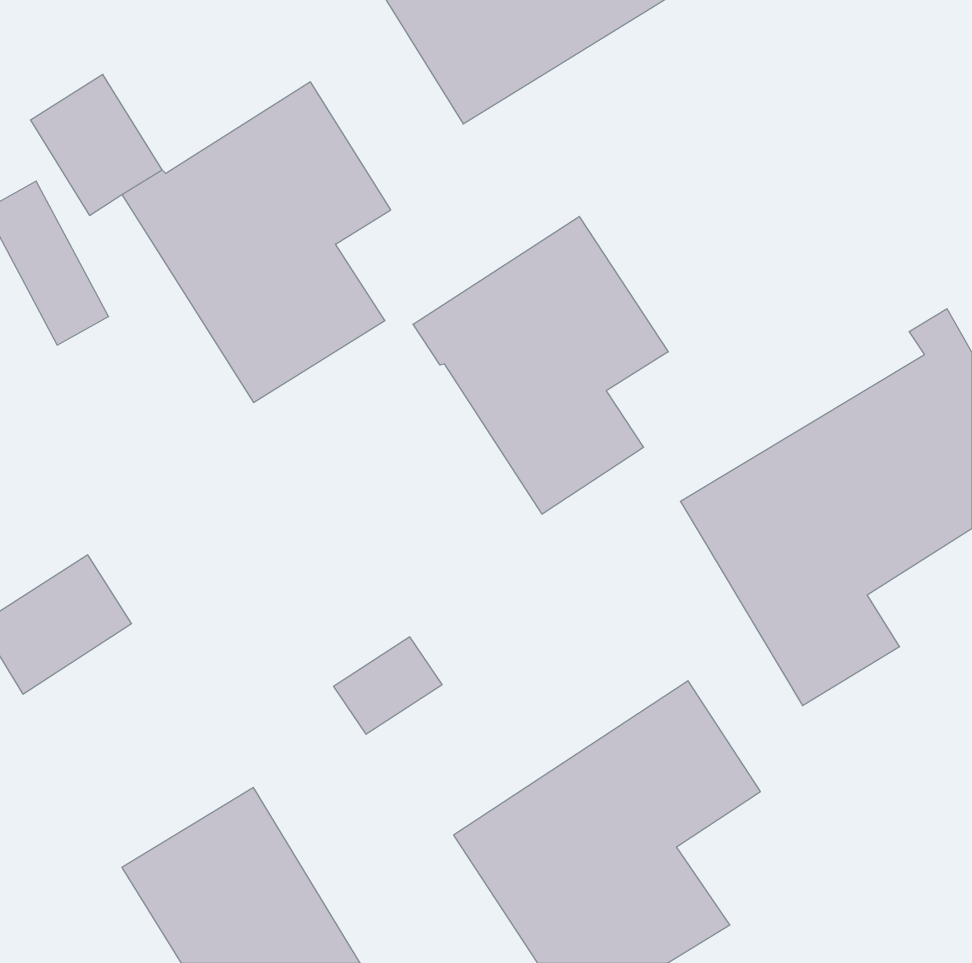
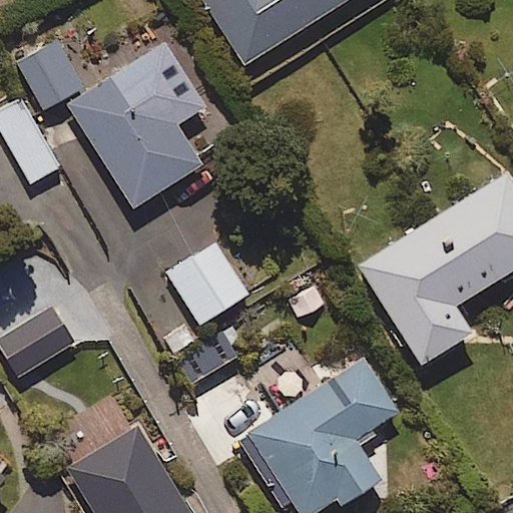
building: [413,216,668,514] -> none
building: none -> [164,239,248,327]

